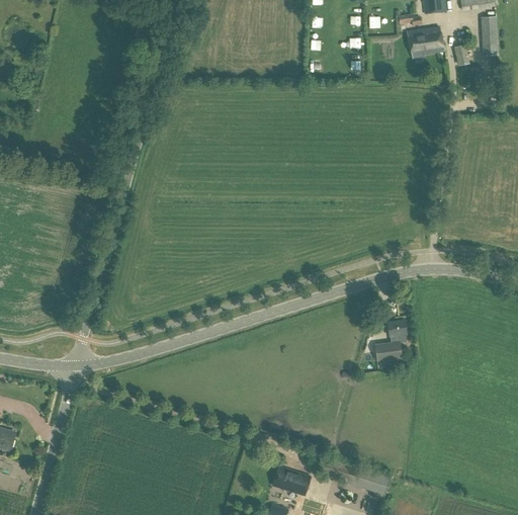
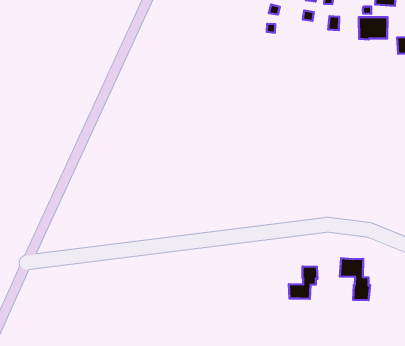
building: none -> [340,258,370,300]

